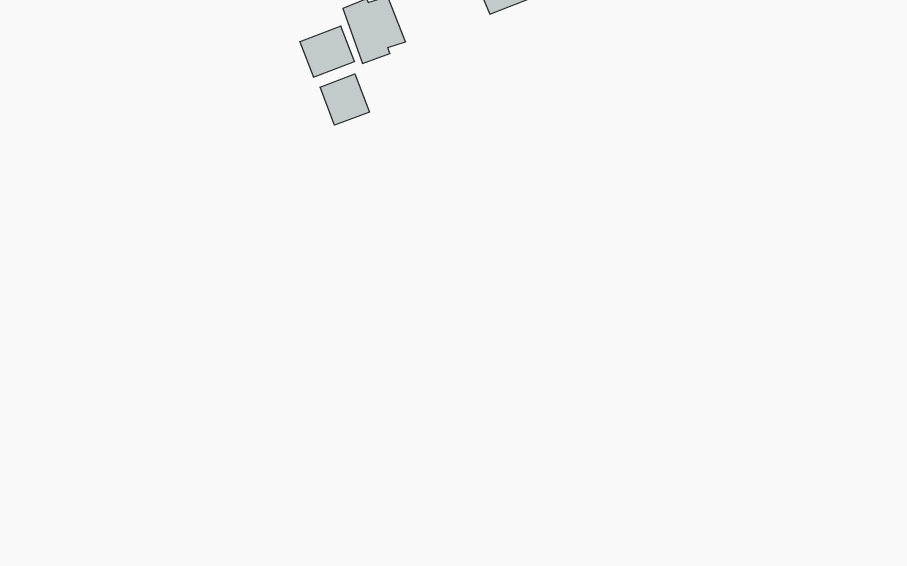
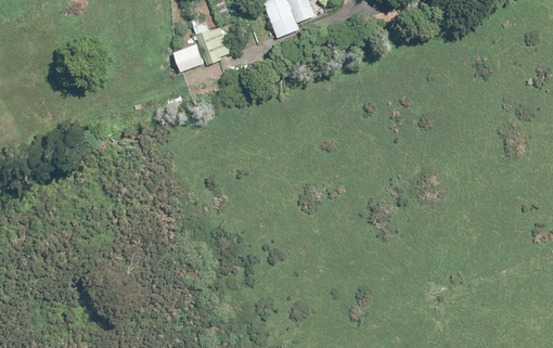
building: [320,74,369,125] -> none

